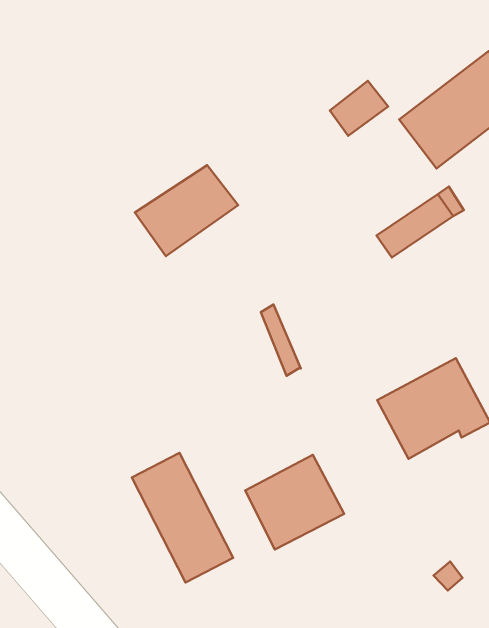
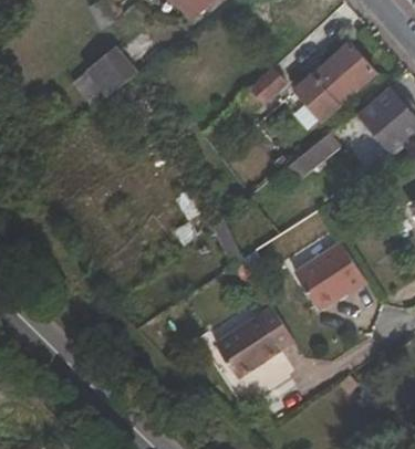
building: [135,165,238,256] -> [72,48,138,108]
building: [132,453,233,582] -> none

